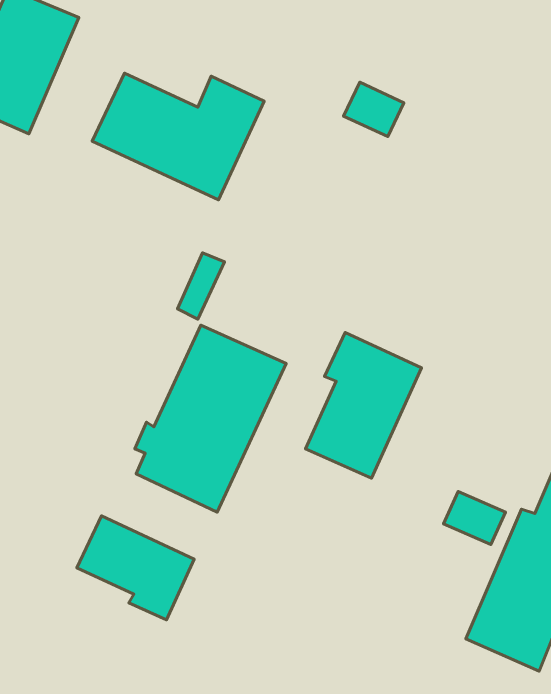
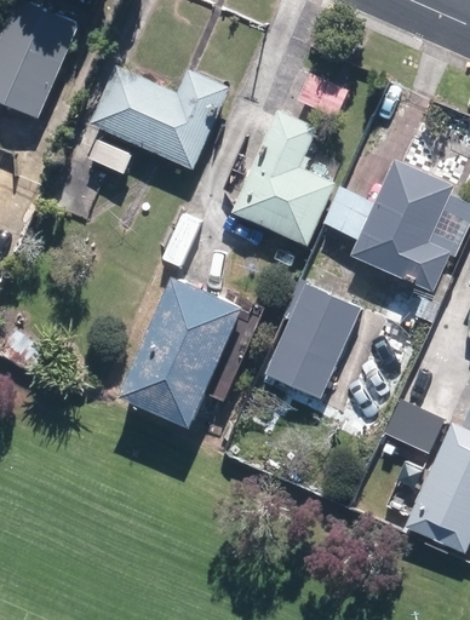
building: none -> [230,108,334,245]
building: none -> [323,160,452,291]
building: [77,516,194,620] -> none

